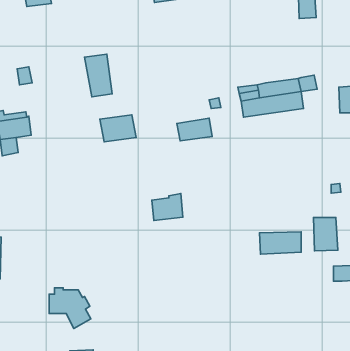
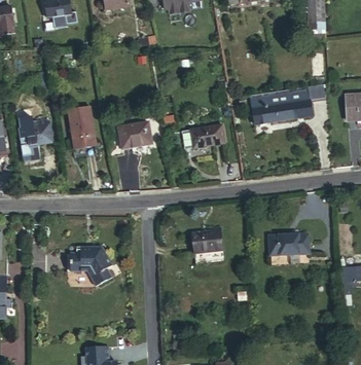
building: [84,54,112,97] -> [67,106,94,147]
building: [152,194,183,220] -> [192,226,222,252]
building: [314,217,338,251] -> none
building: [49,288,91,329] -> [71,243,111,282]

